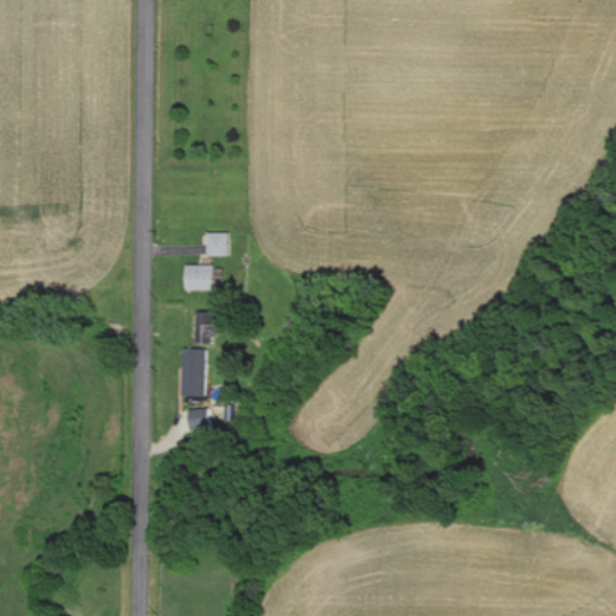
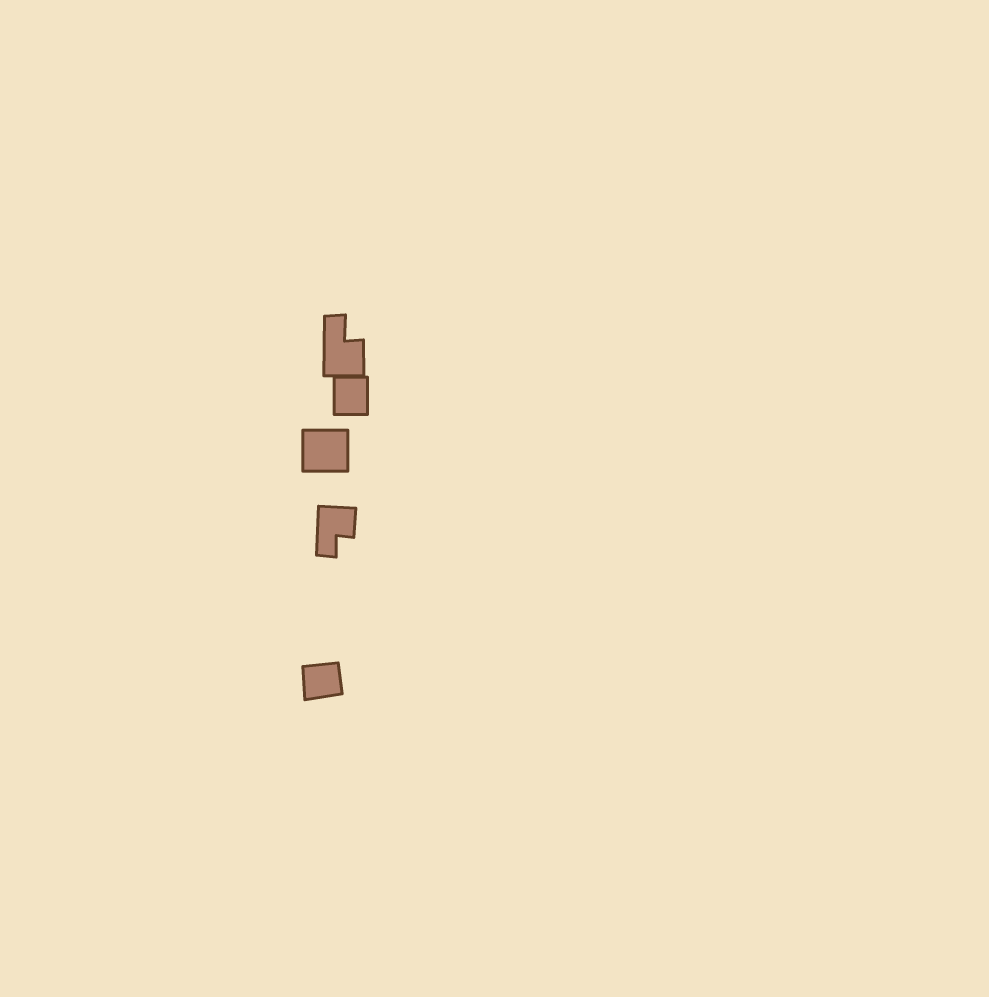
building: none -> [324,315,364,376]
building: [179,350,206,397] -> none

